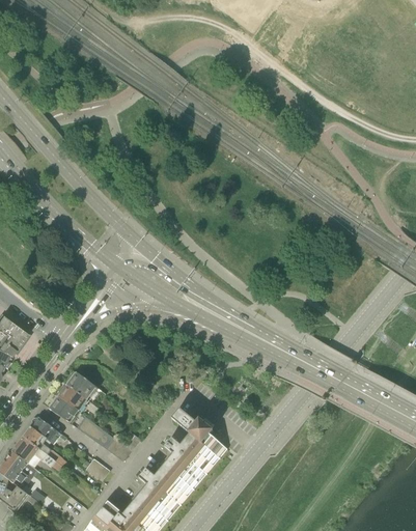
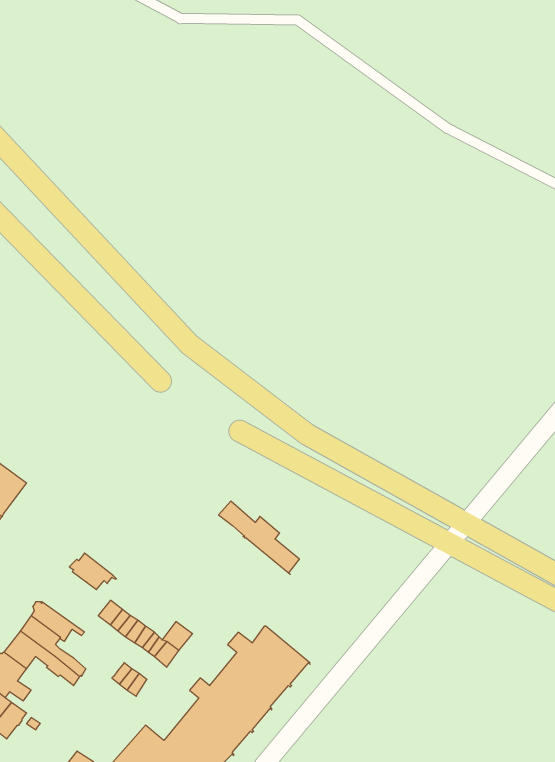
building: [65,371,101,399] -> none
building: [49,396,78,424] -> none
building: [171,409,226,458] -> [219,501,299,574]

